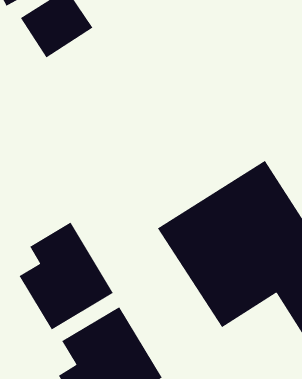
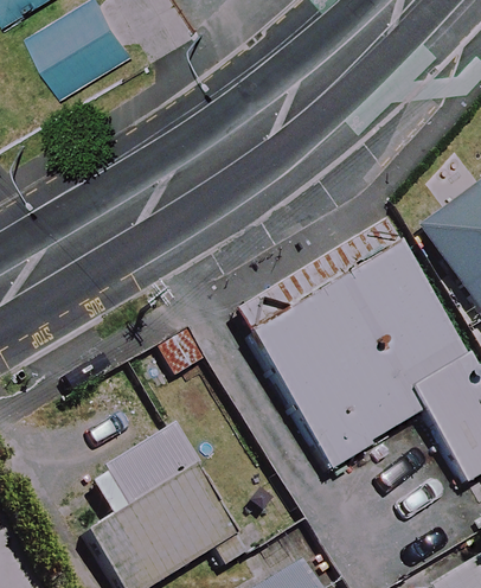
building: [19,222,114,330] -> none

